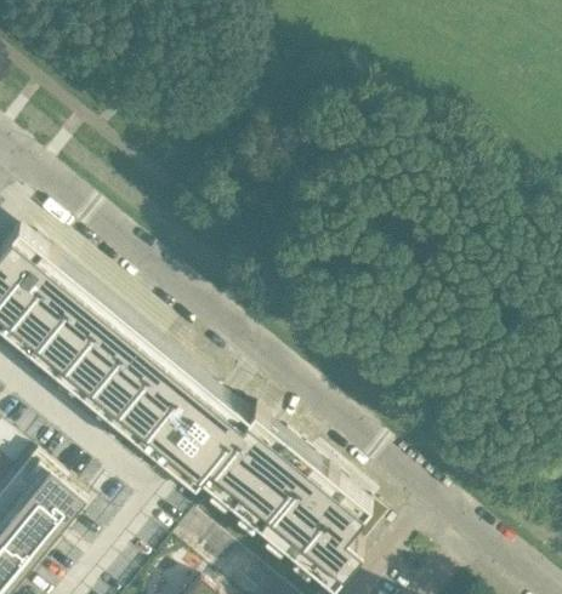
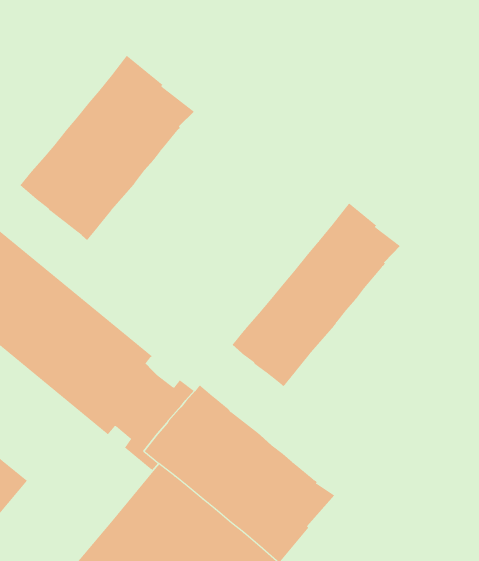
building: none -> [19,55,195,241]
building: none -> [232,203,401,387]

